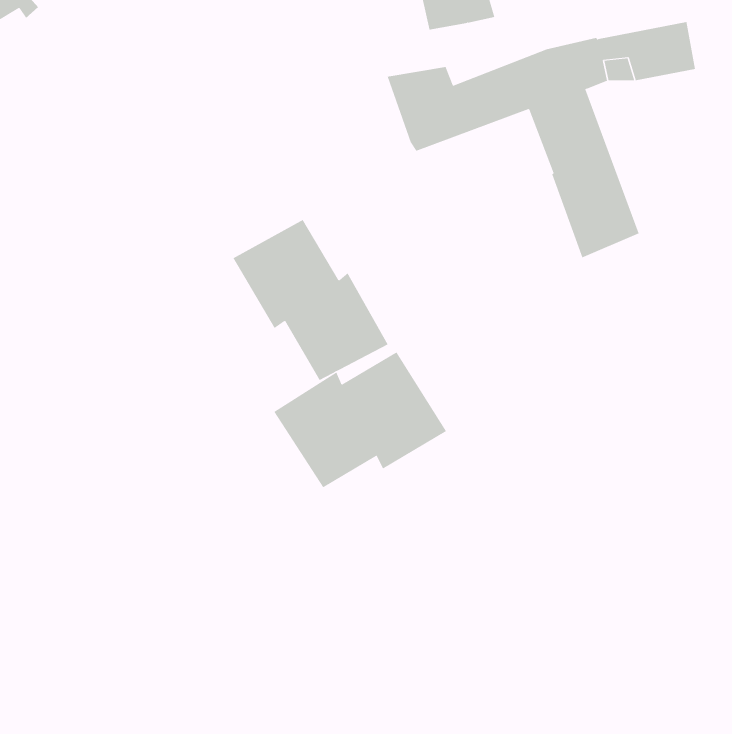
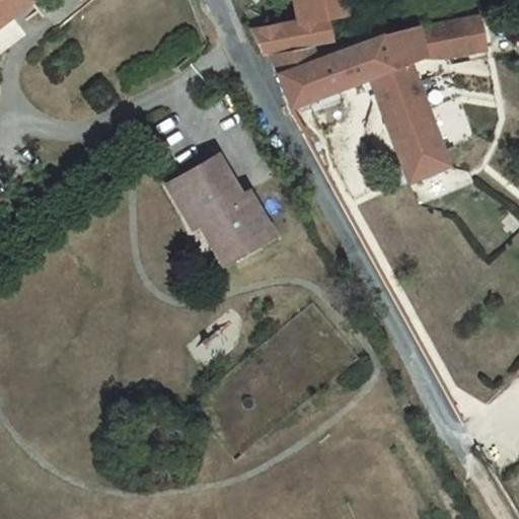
building: none -> [254,16,332,54]
building: [273,351,447,488] -> none

